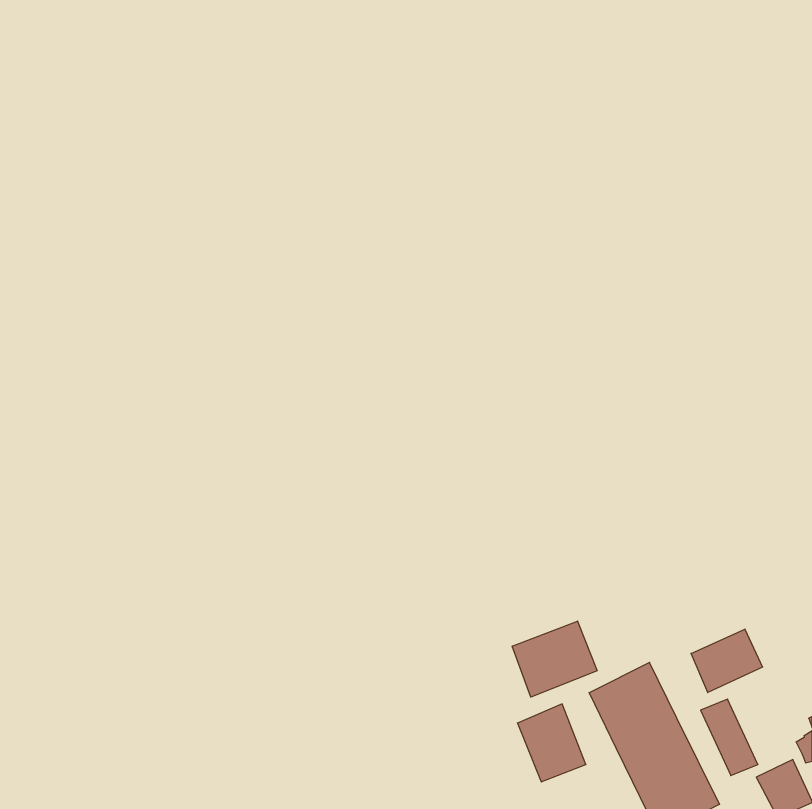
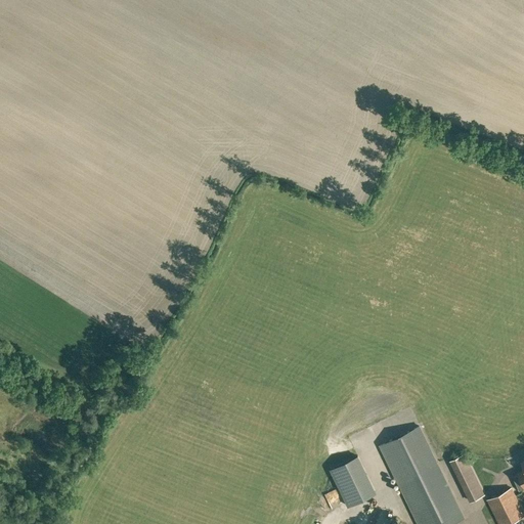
building: [512,621,597,697] -> none
building: [691,629,763,693] -> none

